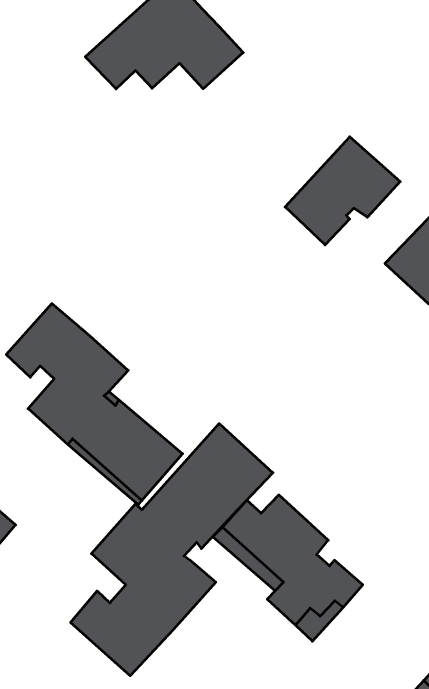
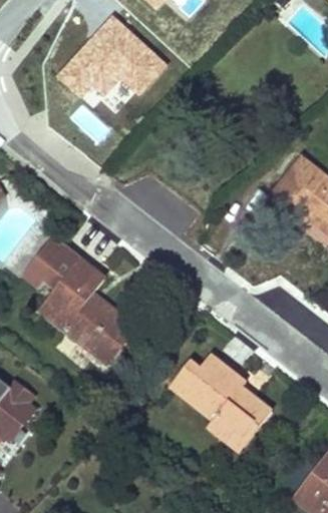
building: [285,137,400,245] -> none
building: [71,424,273,676] -> none

